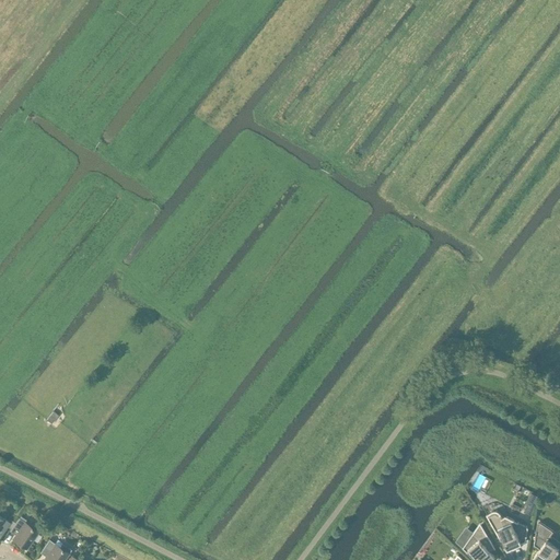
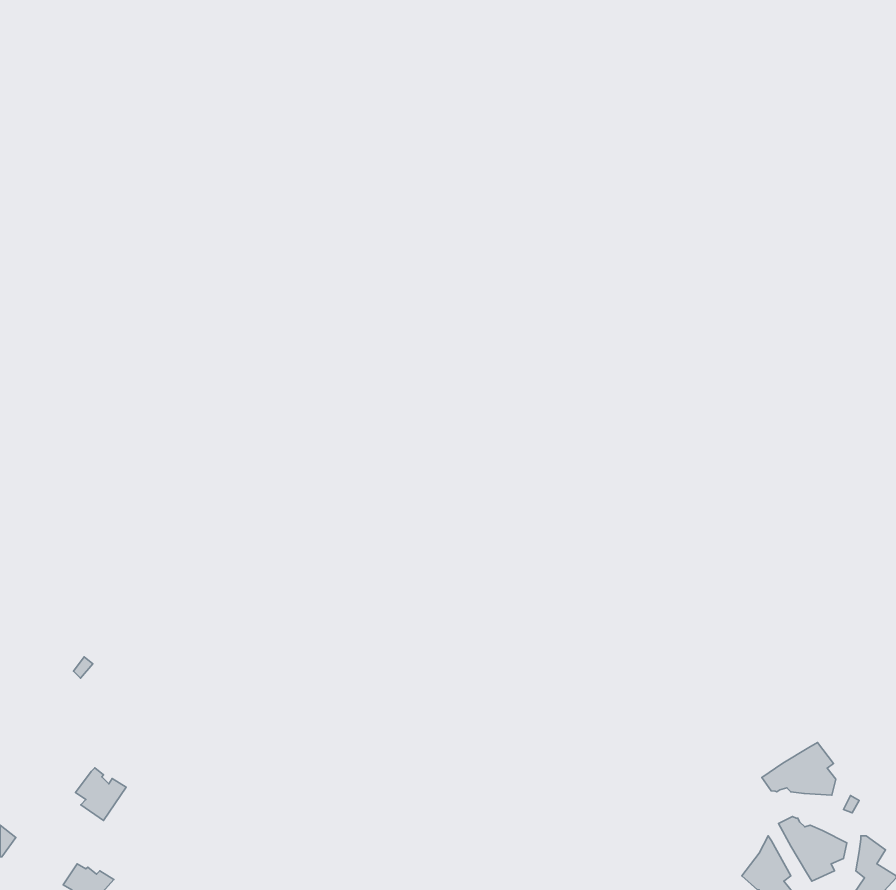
building: none -> [762,742,836,795]
building: [9,518,40,551] -> [75,768,126,821]

